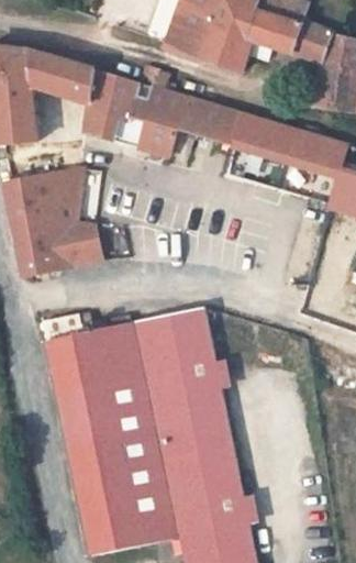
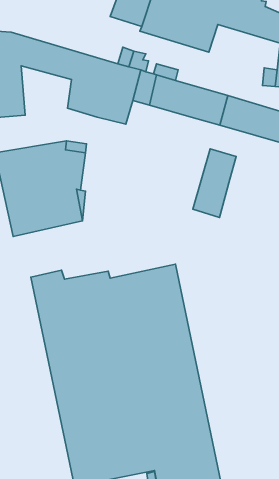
building: none -> [193,149,236,217]

